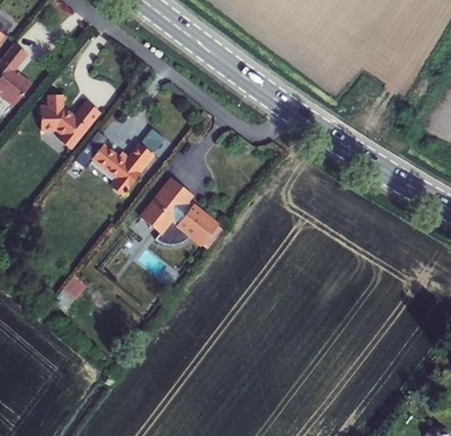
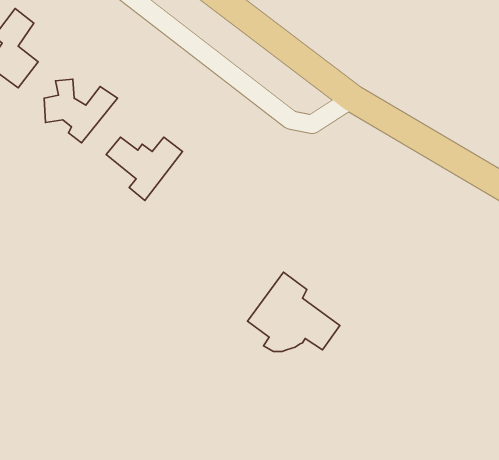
building: [145,181,221,246] -> [248,272,340,351]

